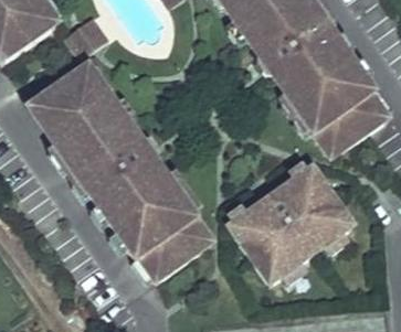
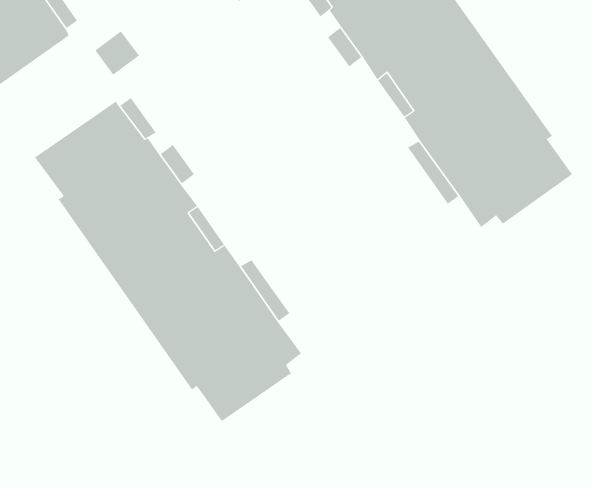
building: [230,169,351,282] -> none

